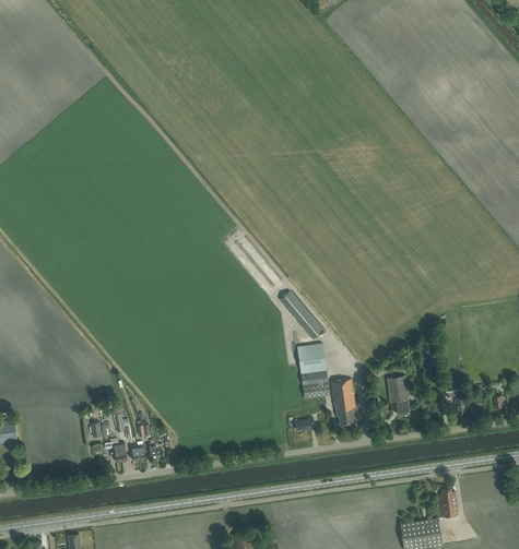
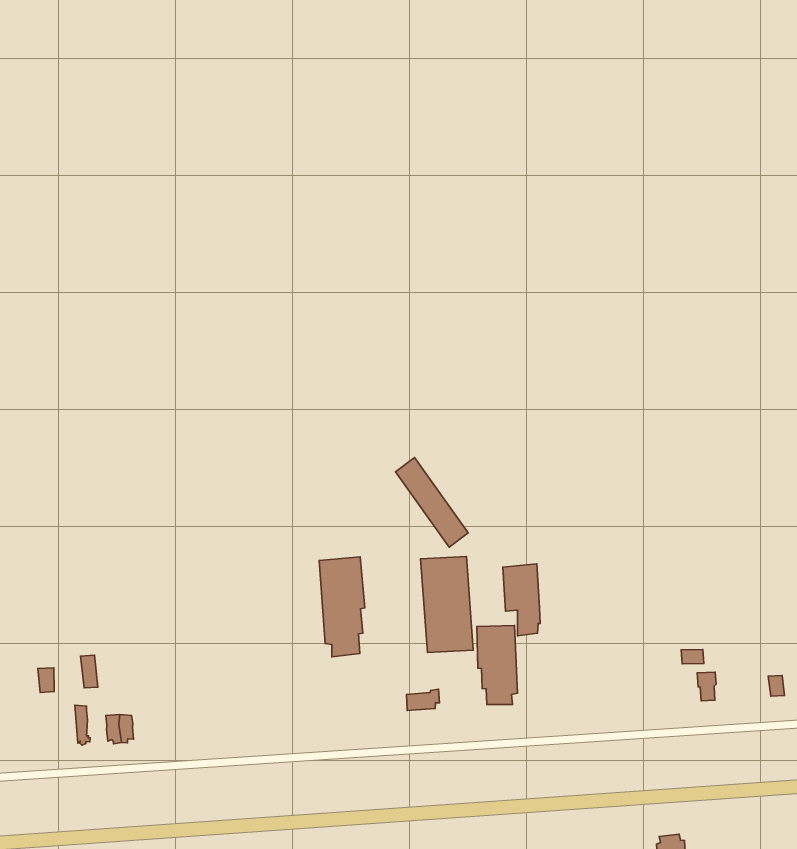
building: none -> [319,557,365,657]
building: [387,375,410,416] -> [503,564,540,636]

